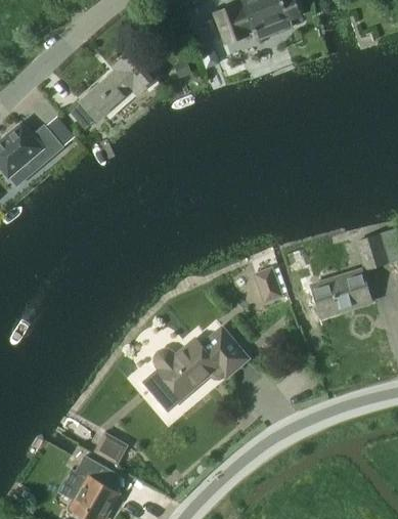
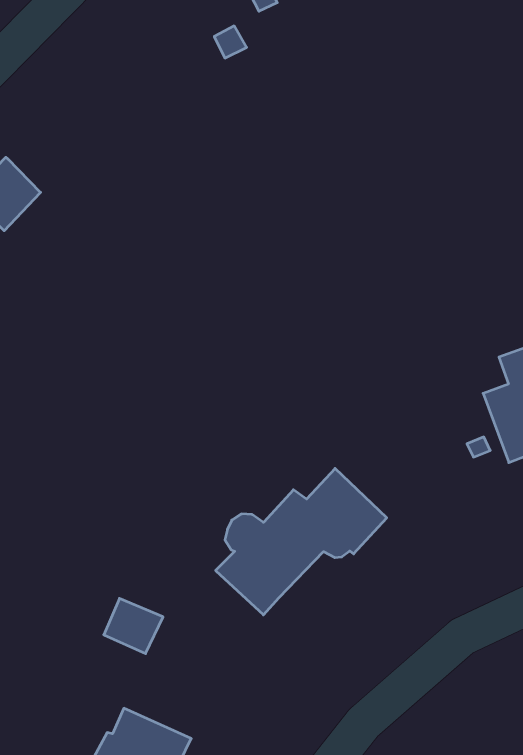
building: [67,49,158,130] -> none
building: [254,266,284,303] -> none
building: [93,432,129,466] -> [104,598,163,654]

